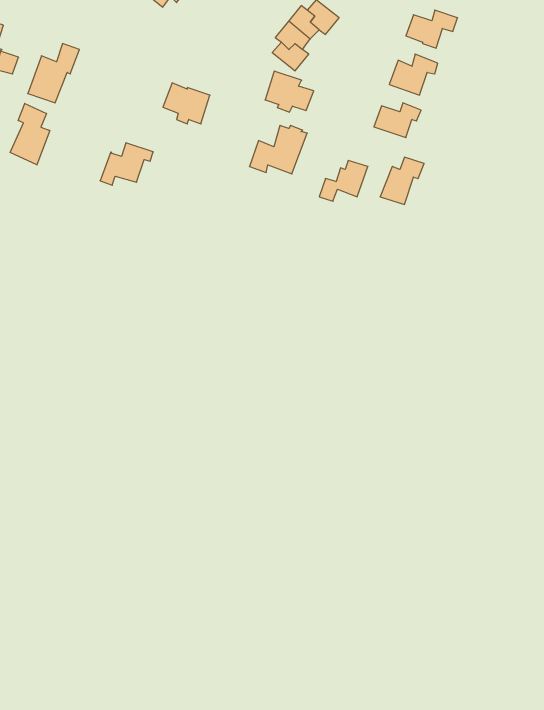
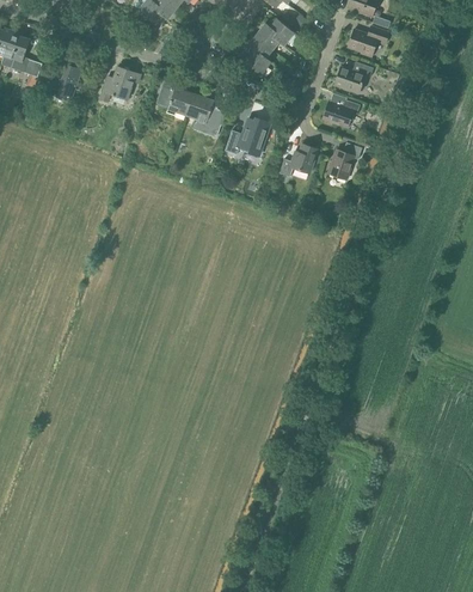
building: [265,71,314,112] -> [186,93,225,126]
building: [10,103,50,165] -> none
building: [100,143,153,185] -> [99,68,141,102]

